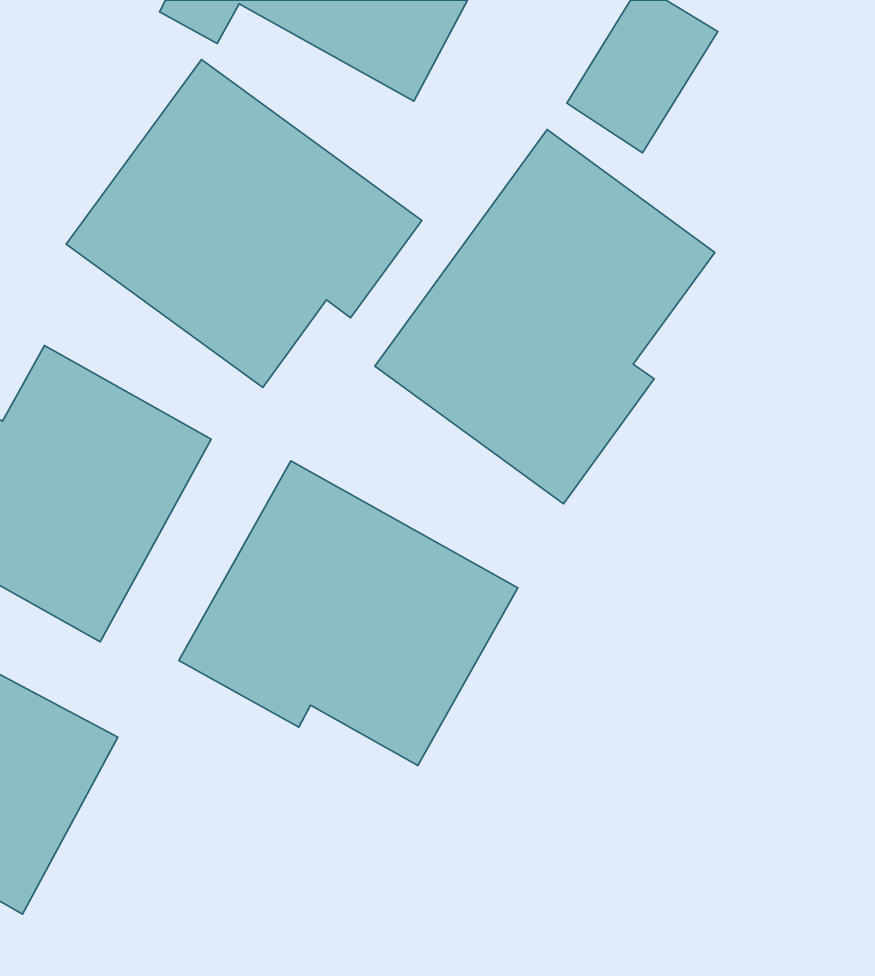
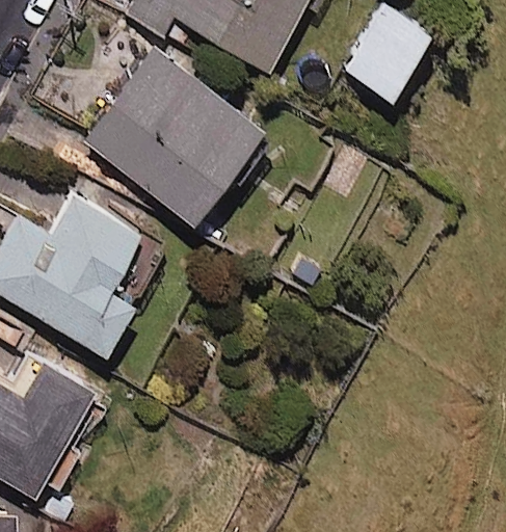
building: [375,129,715,504] -> none
building: [179,461,518,765] -> none

